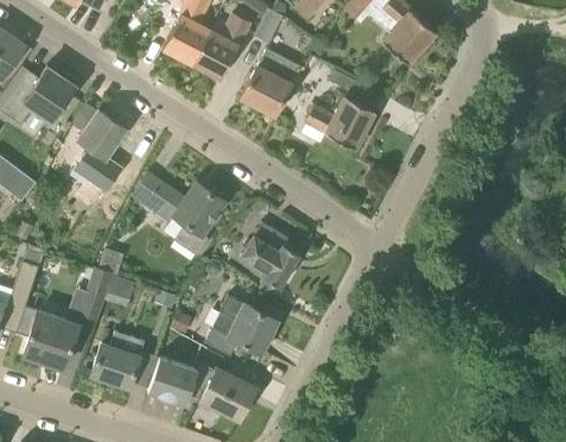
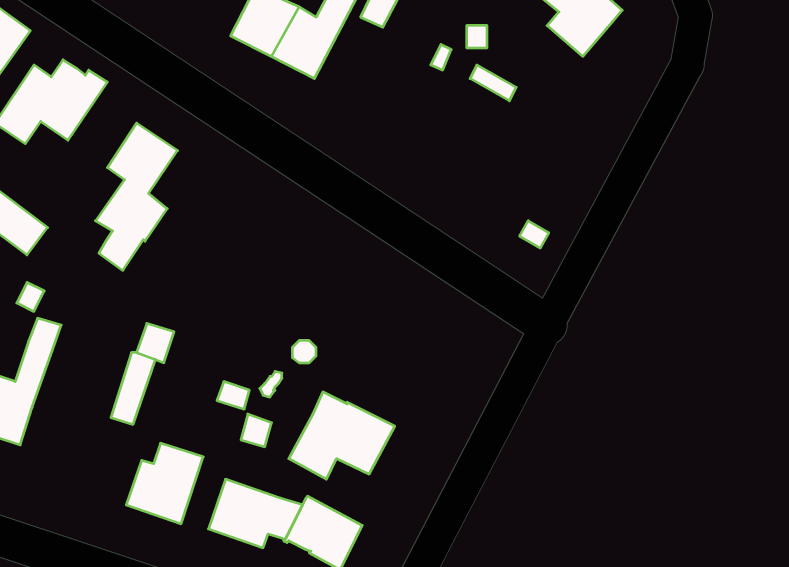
building: [241,49,299,114] -> none
building: [306,94,375,149] -> none
building: [144,181,225,255] -> none
building: [242,232,300,288] -> none
building: [18,307,78,368] -> none

